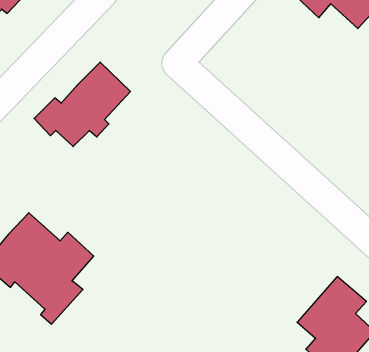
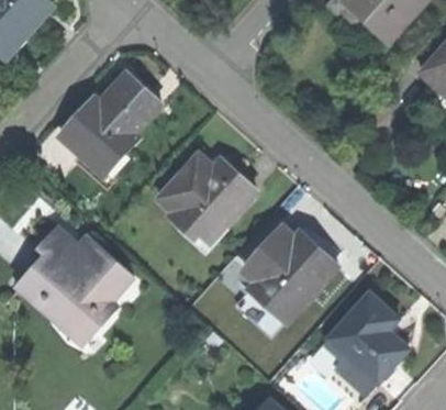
building: none -> [157,154,254,235]
building: none -> [244,226,336,320]

